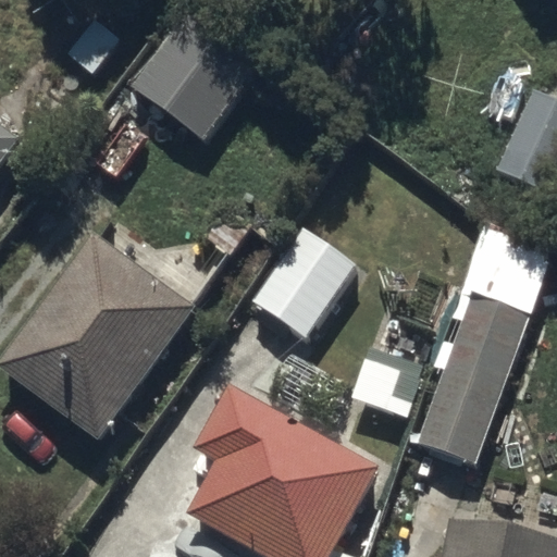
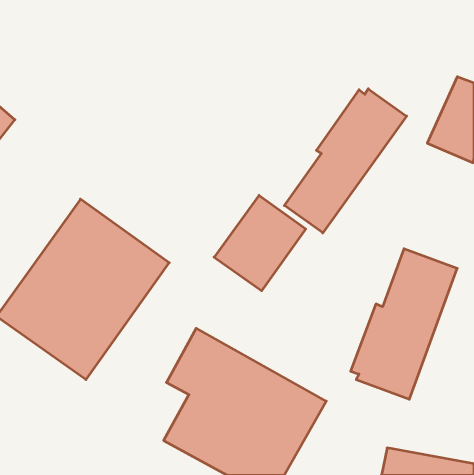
building: [129,13,258,140] -> none
building: none -> [284,89,407,233]

